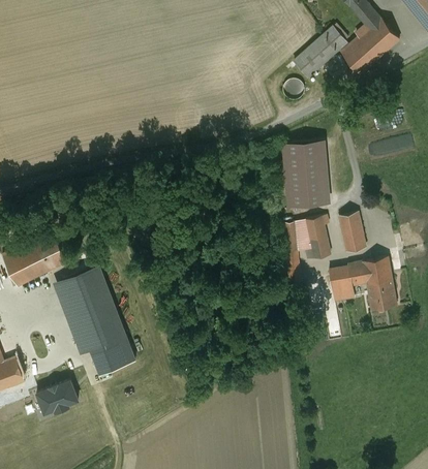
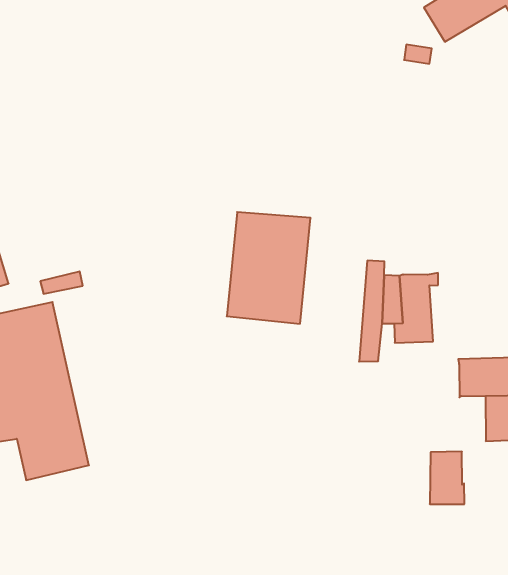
building: [288,139,336,206] -> [227,212,311,324]
building: [338,213,365,253] -> none
building: [329,268,354,302] -> [430,452,464,504]

